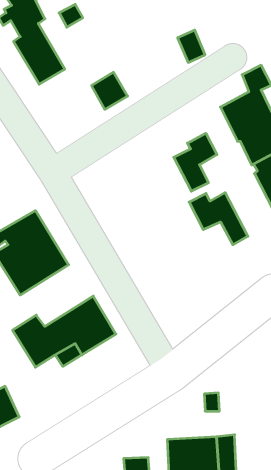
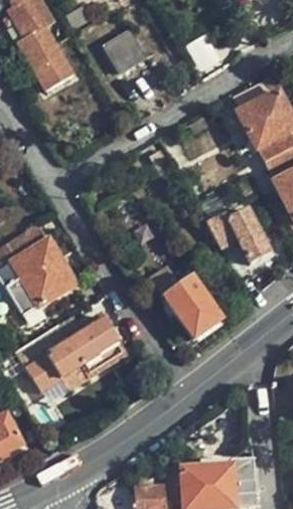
building: [92,72,128,109] -> [106,32,144,71]
building: [174,133,217,191] -> none
building: none -> [166,279,221,338]

